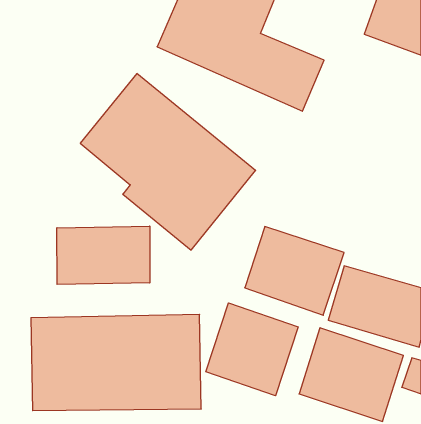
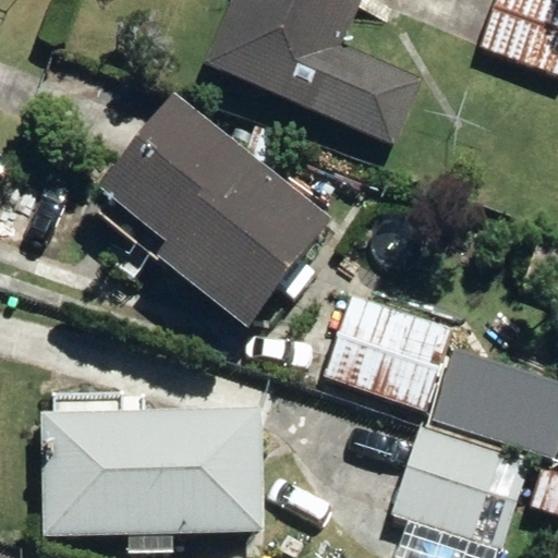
building: [57,226,150,284] -> none
building: [206,303,298,396] -> none

